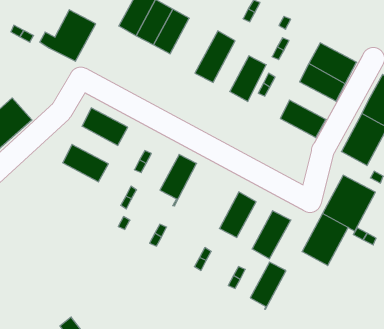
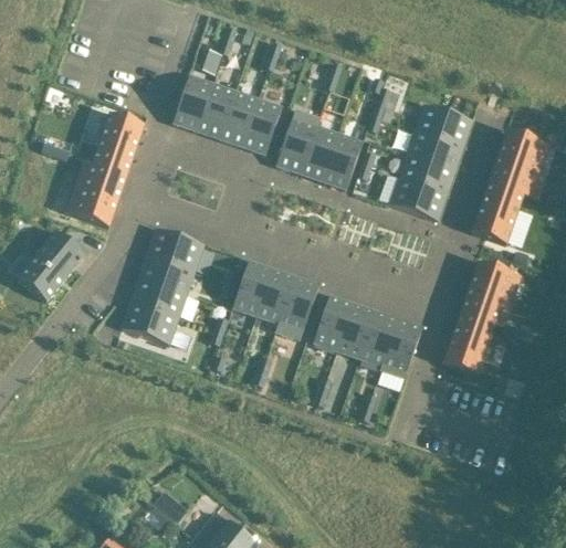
building: none -> [241,99,282,155]
building: none -> [300,118,338,181]
building: none -> [65,160,126,228]
building: none -> [397,156,454,197]
building: none -> [138,253,195,294]
building: none -> [232,261,272,316]
building: none -> [120,302,178,345]
building: none -> [276,276,318,340]
building: none -> [313,295,353,351]
building: [250,262,286,309] -> [359,312,398,370]

